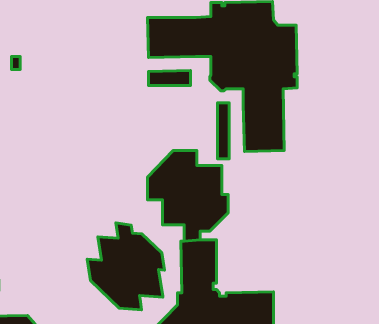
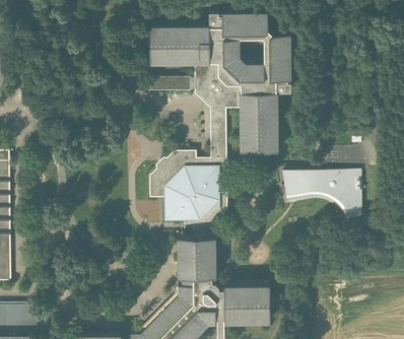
building: none -> [195,62,240,165]
building: none -> [280,171,360,219]
building: [87,223,165,310] -> none

